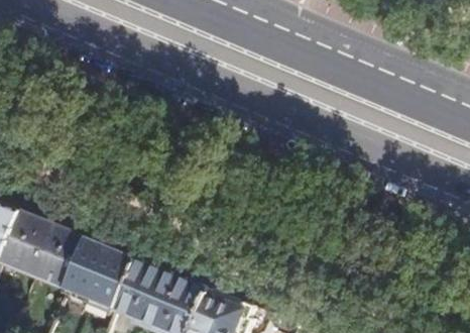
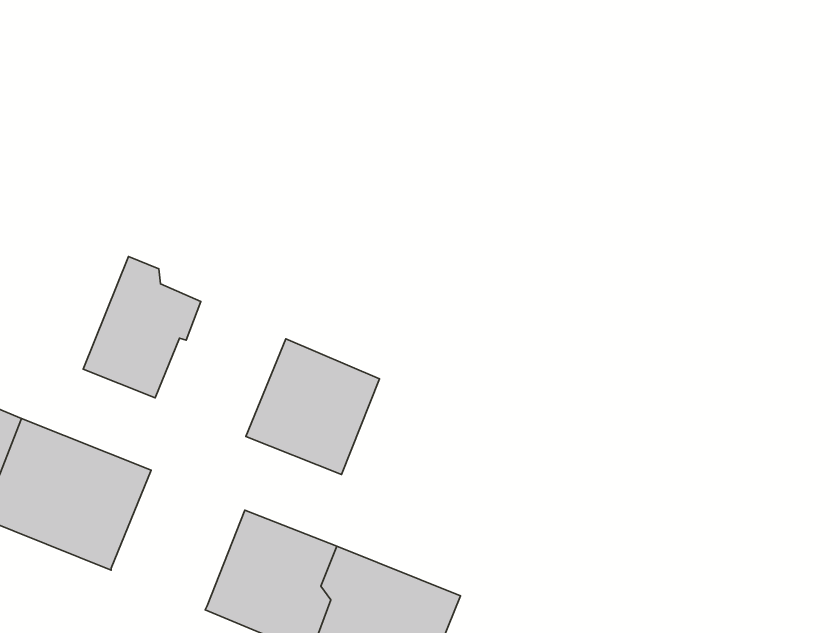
building: none -> [83,256,201,398]
building: [68,239,135,308] -> [246,339,379,475]

